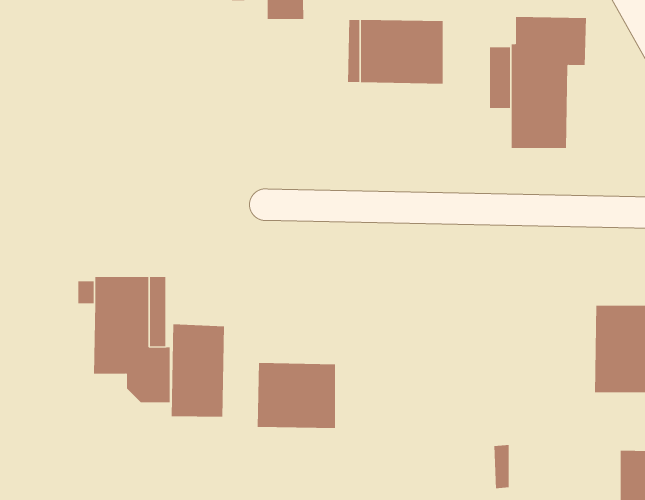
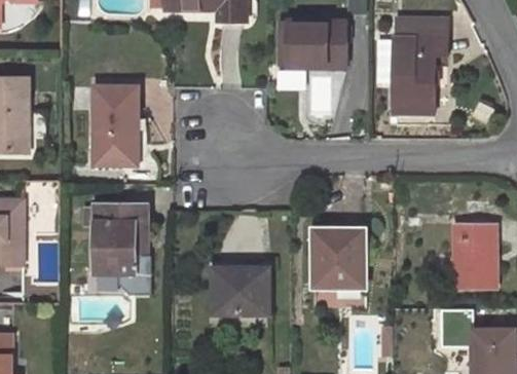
building: none -> [95,87,138,164]
building: none -> [313,229,366,288]
building: [171,323,225,417] -> none

